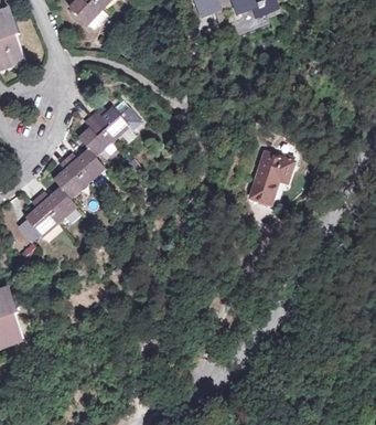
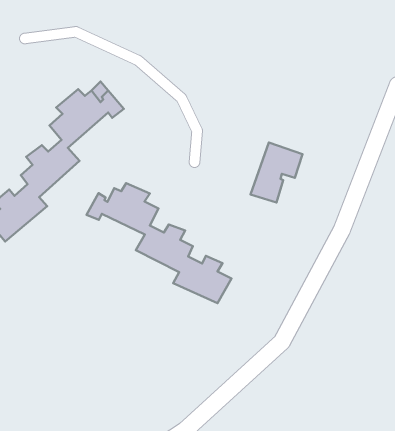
building: none -> [87,183,231,303]

